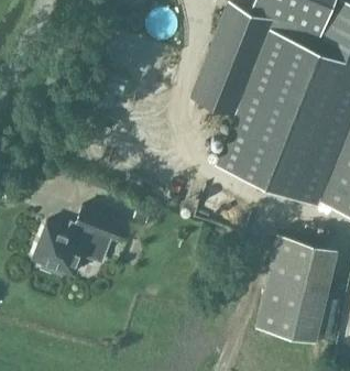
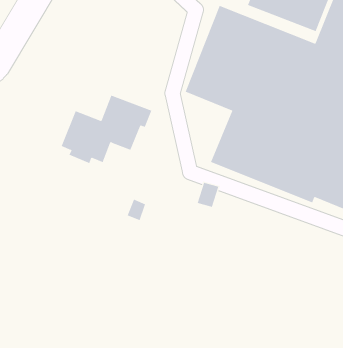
building: [32,210,122,279] -> [61,95,152,164]
building: [254,232,337,338] -> none

